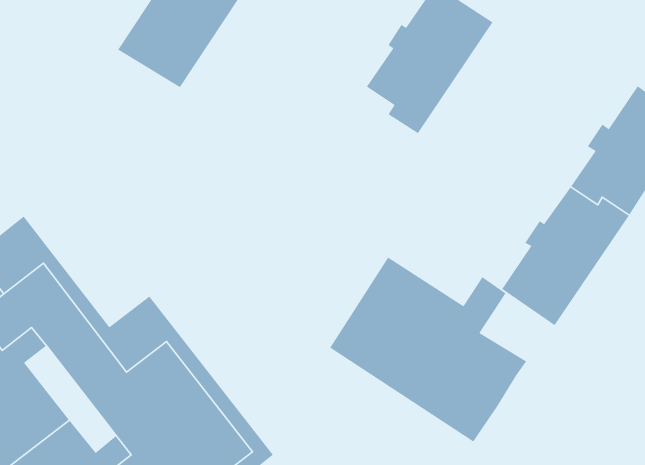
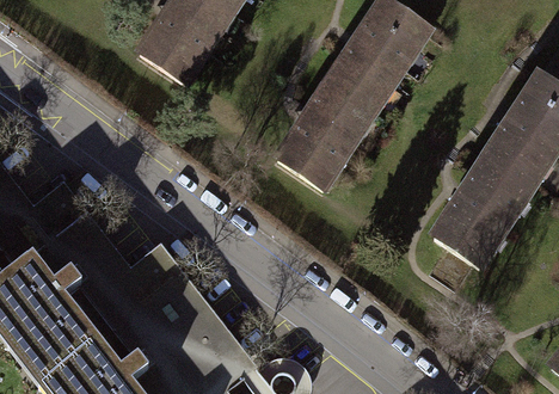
building: none -> [275,82,368,192]
building: [329,256,527,442] -> none

